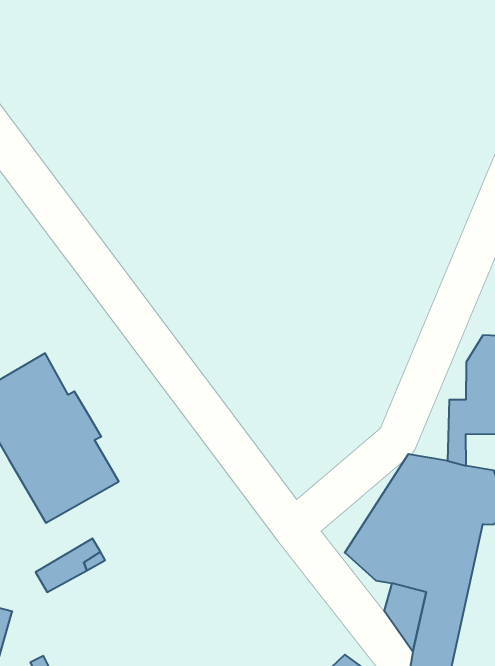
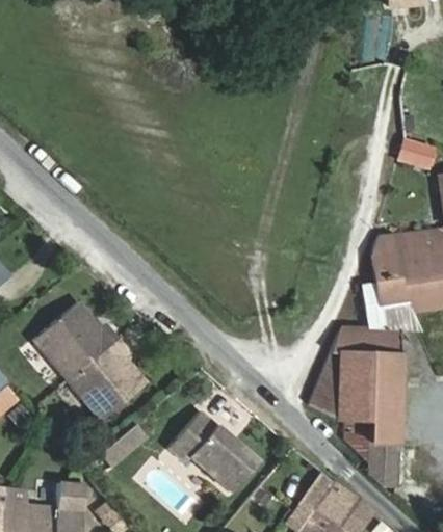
building: none -> [168,413,258,493]

